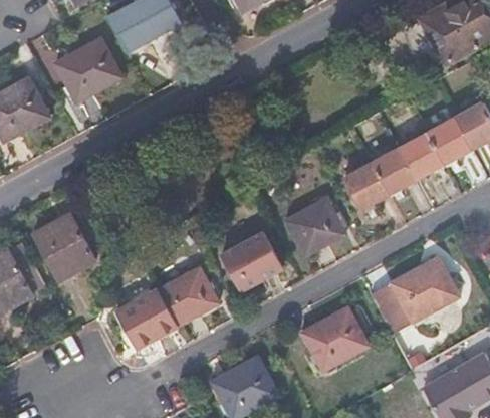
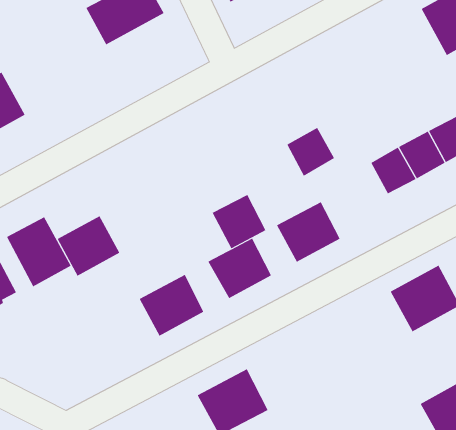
building: [54,38,120,103] -> none
building: [344,163,390,209] -> [286,127,335,176]
building: none -> [212,194,266,249]
building: [370,283,413,334] -> none
building: [116,290,176,348] -> [57,215,120,276]
building: [301,307,369,370] -> none

